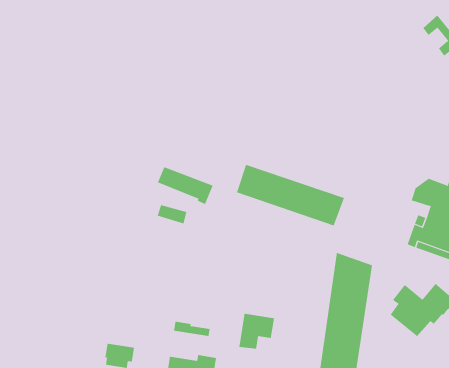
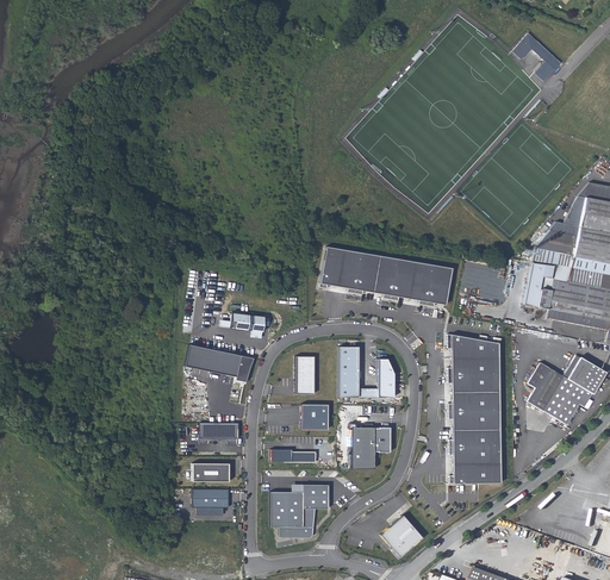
building: [157,167,213,205] -> [186,344,254,382]
building: none -> [338,345,393,397]
building: none -> [297,356,315,393]
building: none -> [300,403,328,428]
building: none -> [198,420,237,442]
building: none -> [192,462,229,480]

